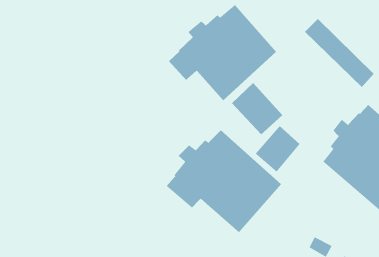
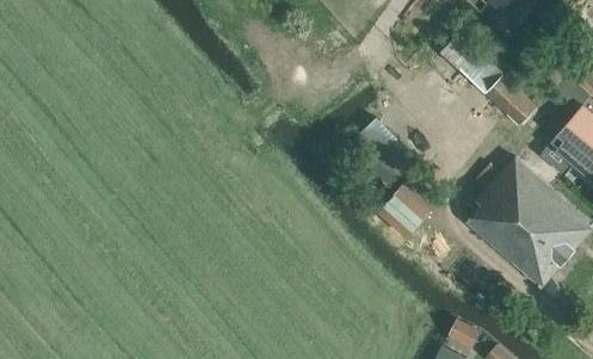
building: [168,4,277,101] -> none
building: [166,129,282,233] -> none

